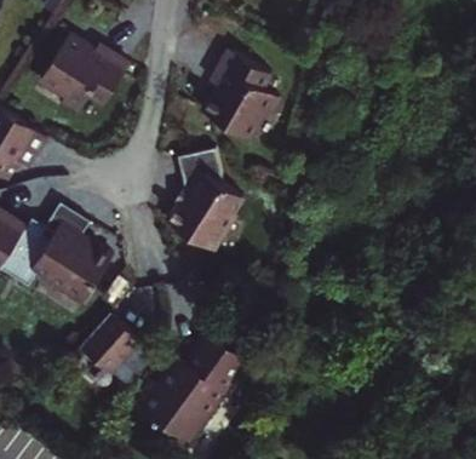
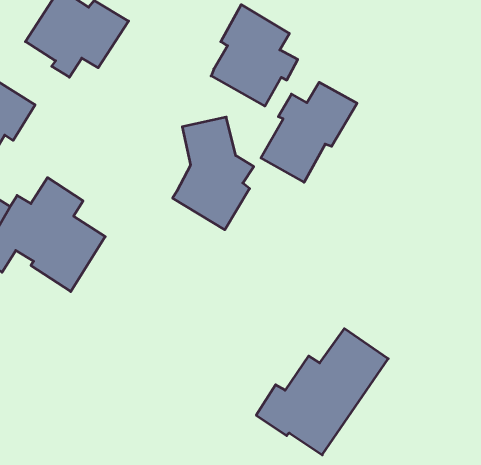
building: none -> [261,82,357,182]
building: [79,310,142,373] -> none
building: [134,331,251,442] -> [256,329,388,455]

